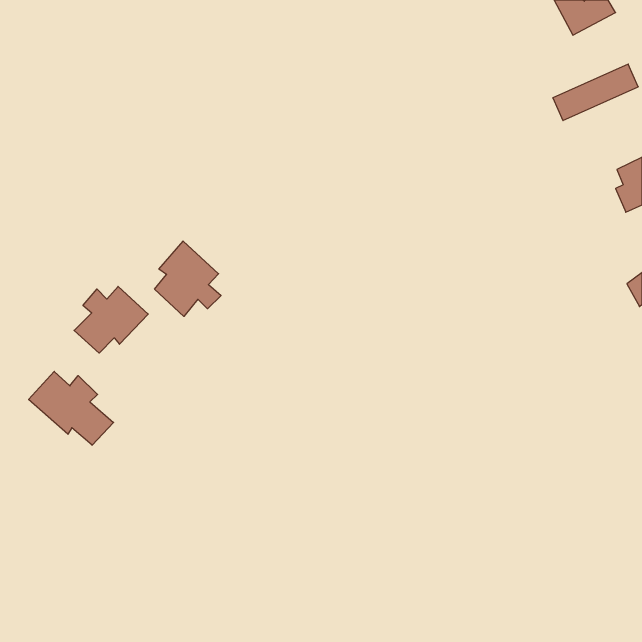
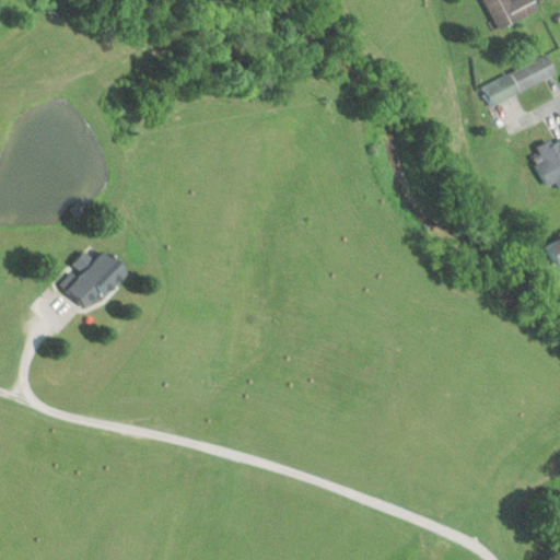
building: [155,241,221,316] -> none
building: [29,371,114,445] -> none

